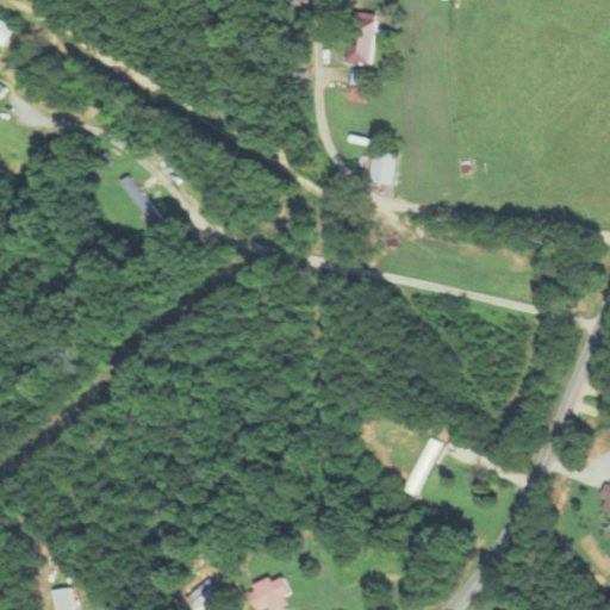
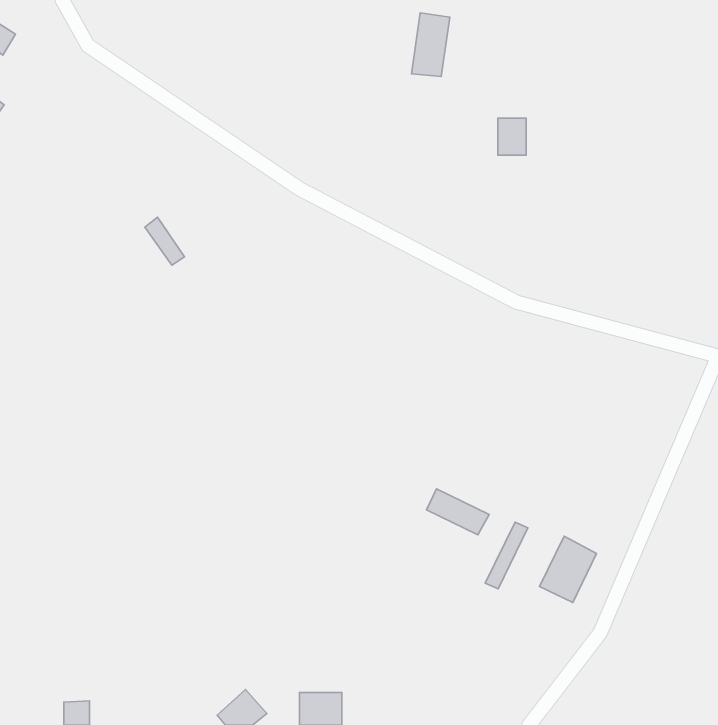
building: [373,152,397,183] -> [498,118,526,155]
building: none -> [426,489,489,535]
building: none -> [540,536,597,603]

